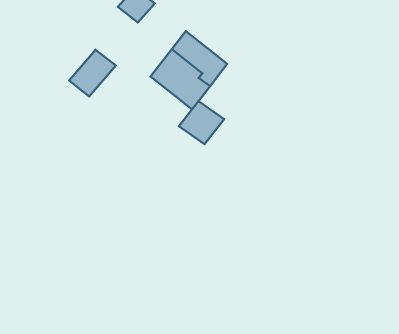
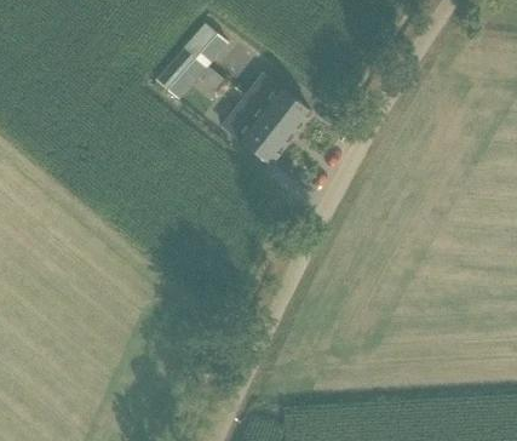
building: [69,50,116,96] -> [155,46,208,99]
building: [179,101,224,144] -> none

